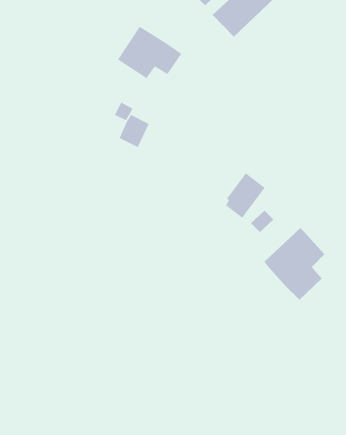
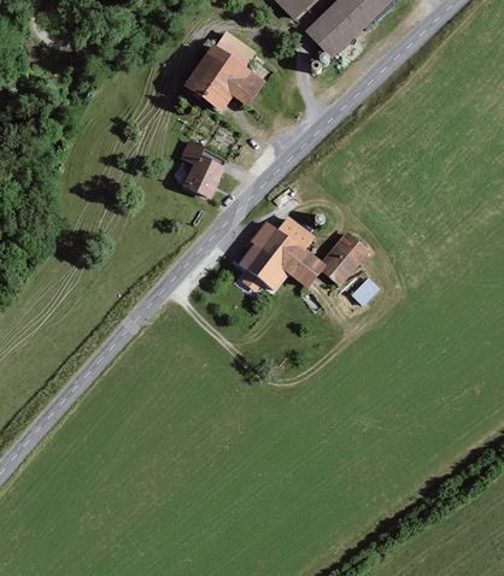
building: none -> [216,31,254,65]
building: none -> [236,221,323,292]
building: [264,227,325,301] -> none

